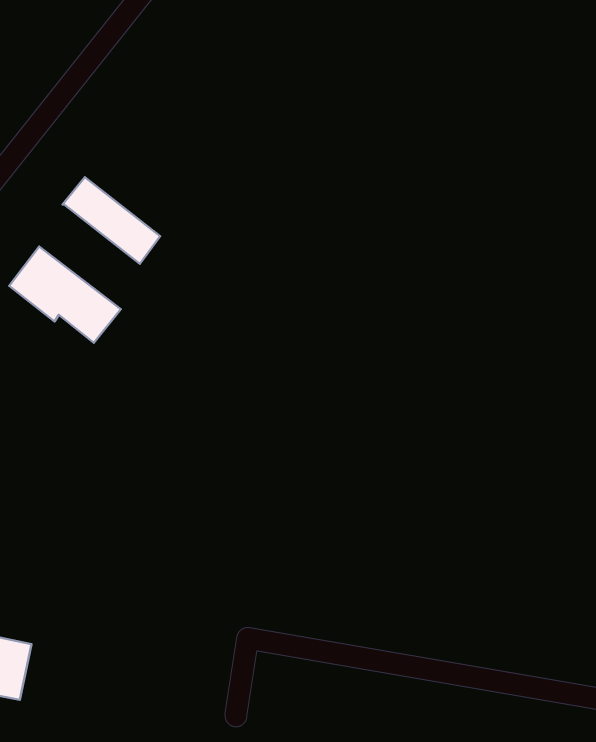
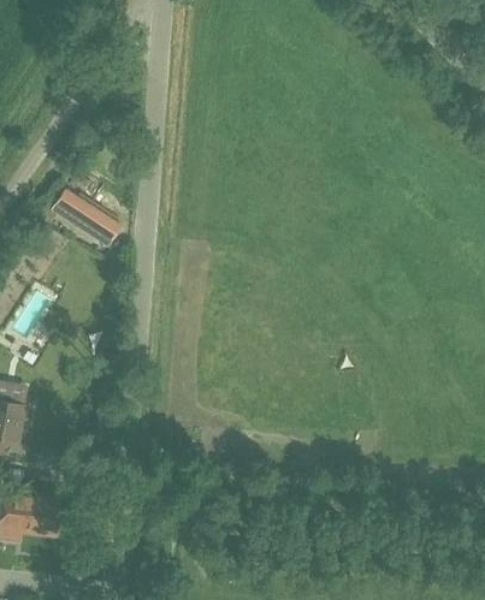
building: [9,246,121,343] -> none

